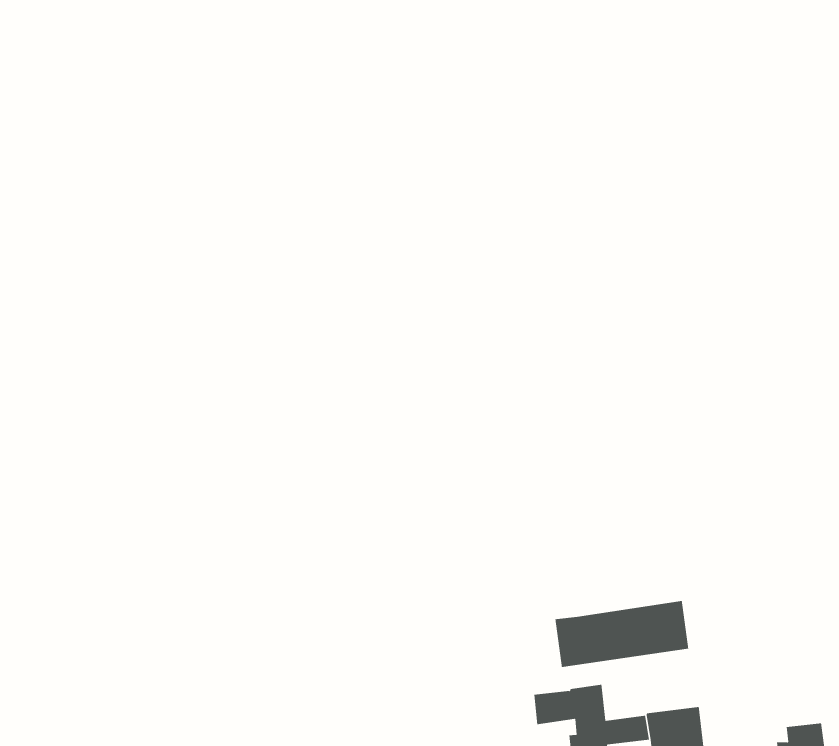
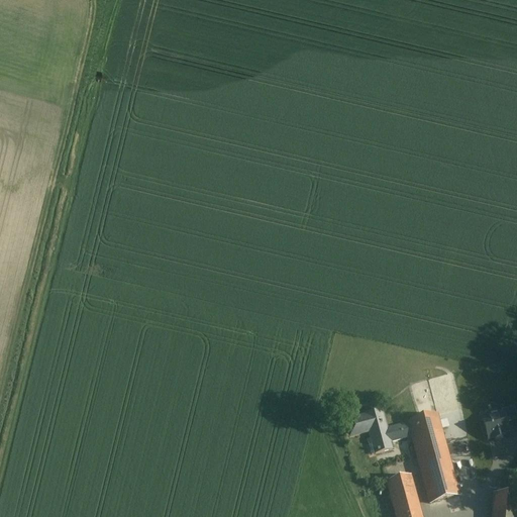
building: [555,600,689,668] -> none

